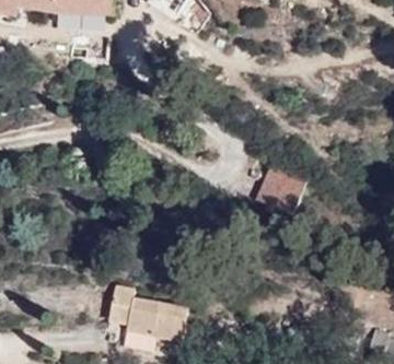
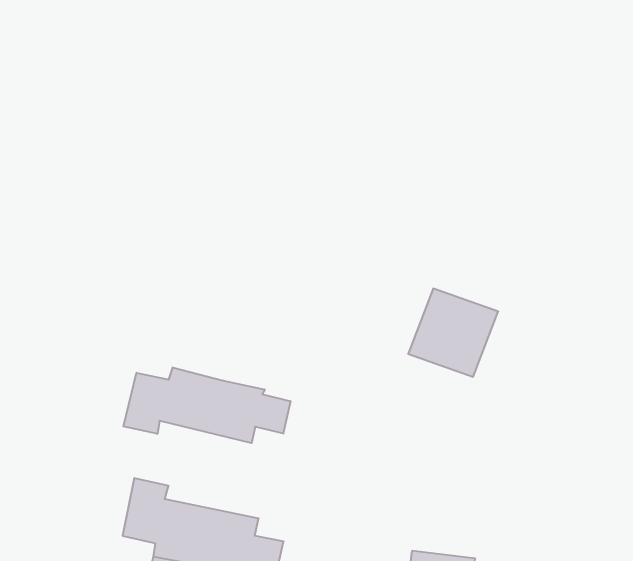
building: none -> [123,367,290,443]

